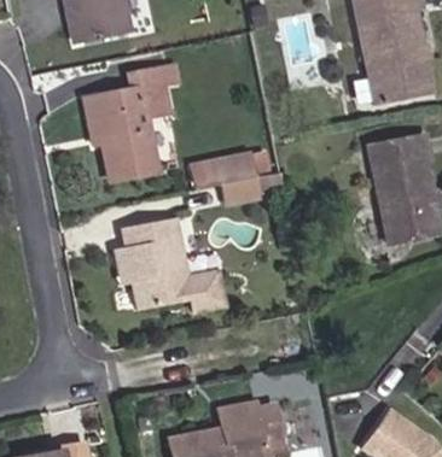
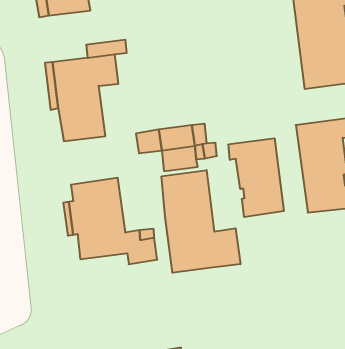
building: none -> [229,138,284,217]
building: none -> [162,170,240,273]

